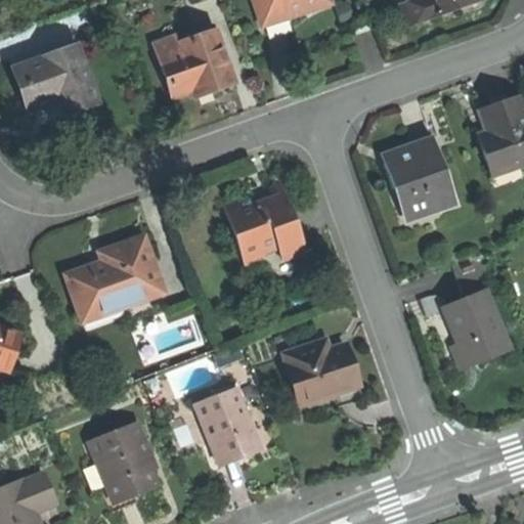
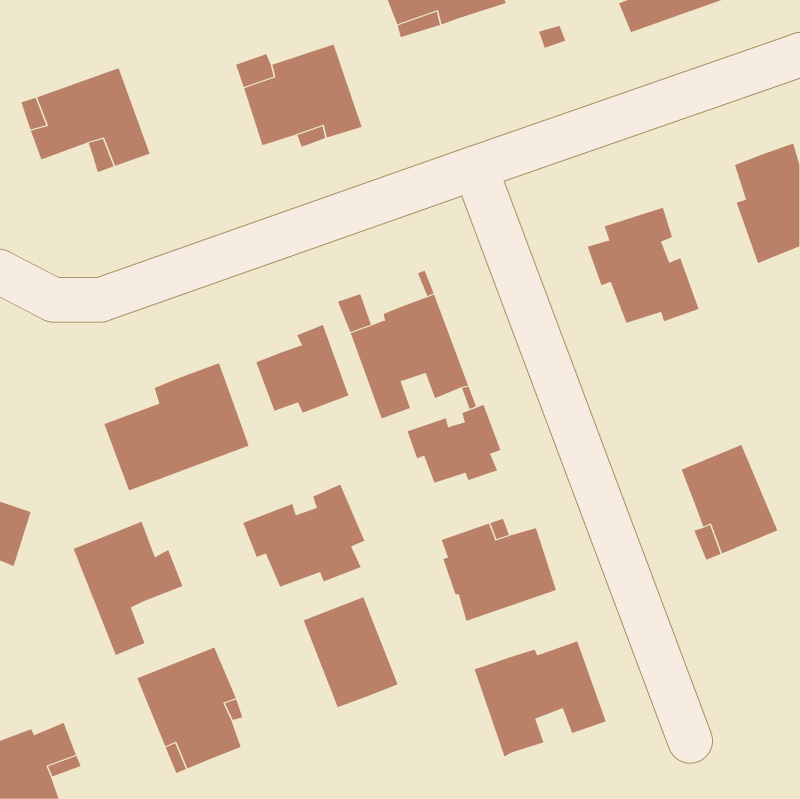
building: none -> [256,324,349,414]
building: none -> [407,404,501,483]
building: none -> [242,484,365,587]
building: none -> [73,521,183,656]
building: none -> [474,640,606,757]

